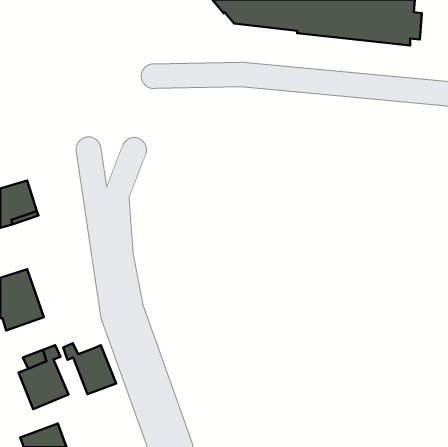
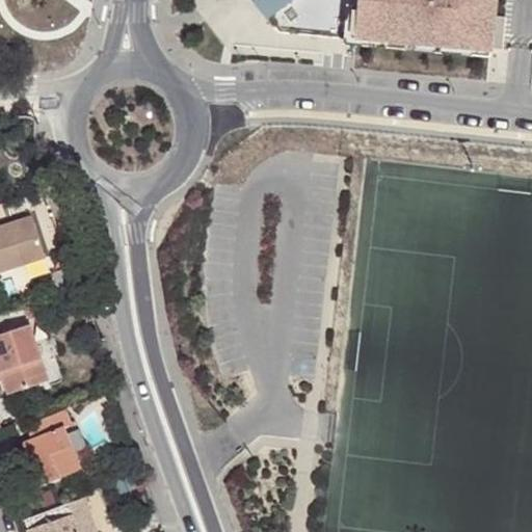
building: [63,343,116,394] -> none

